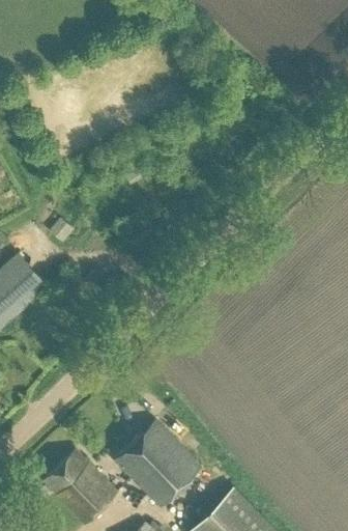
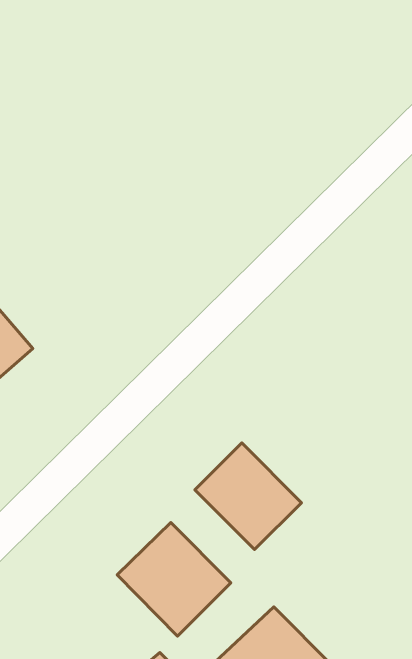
building: none -> [195,443,302,549]
building: [42,445,116,519] -> none

